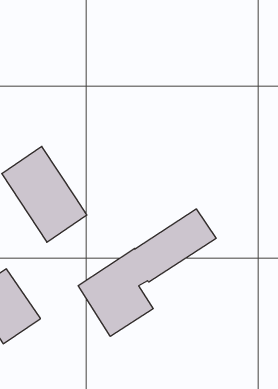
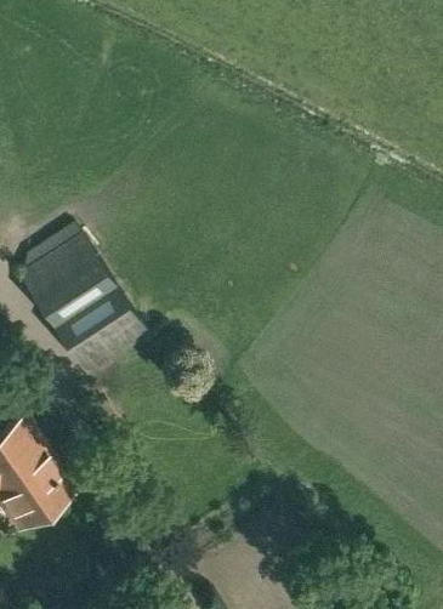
building: [78,209,216,336] -> none

